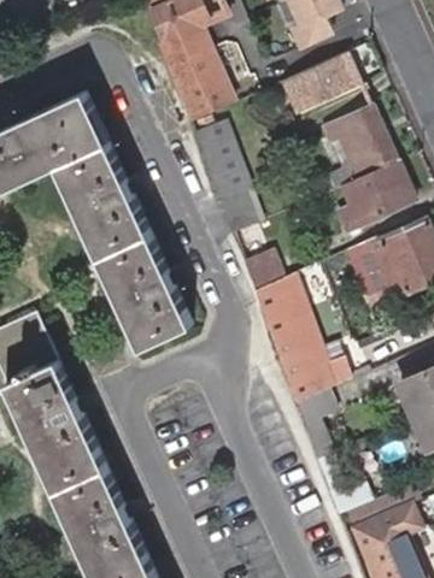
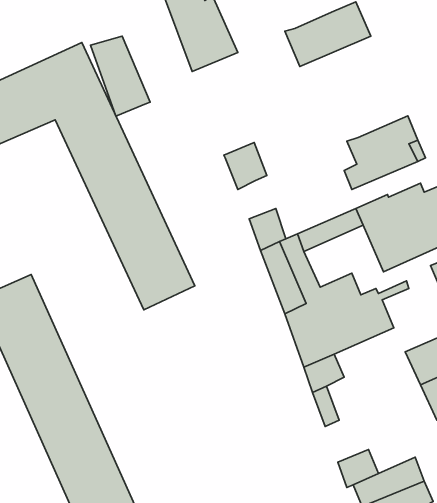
building: [315,104,391,190] -> none
building: [195,124,252,200] -> [91,36,150,116]

